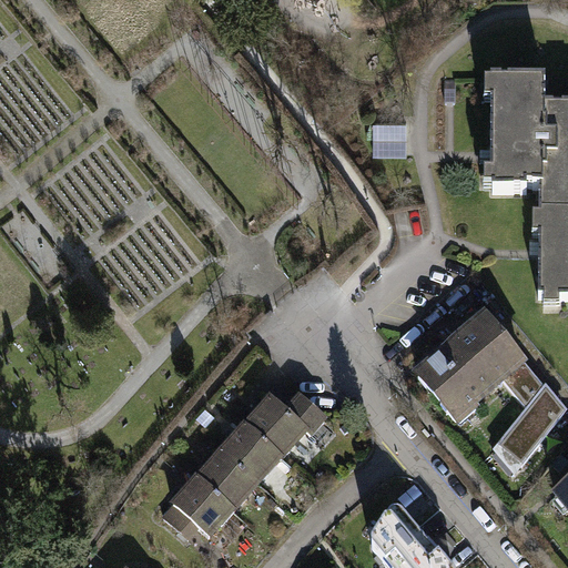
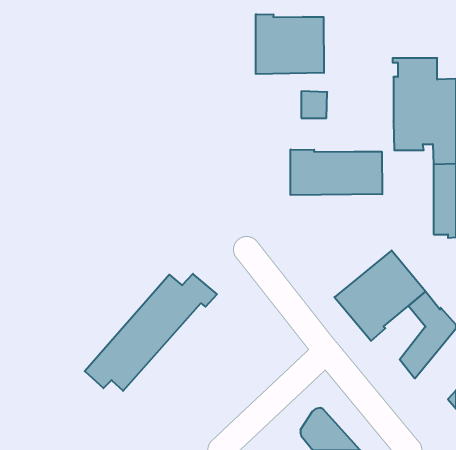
building: none -> [256,14,324,74]
building: none -> [291,149,382,195]
building: [164,392,328,537] -> [85,274,217,391]

